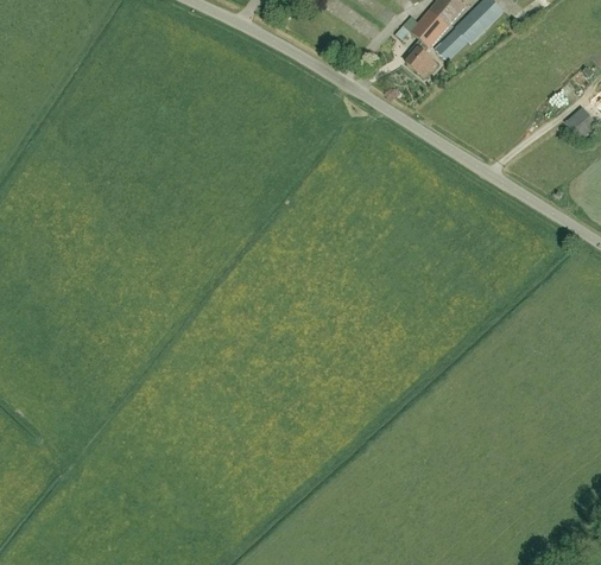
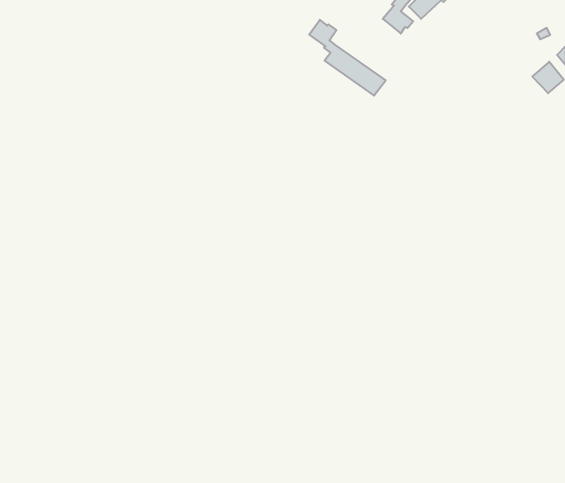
building: none -> [309,20,386,96]

